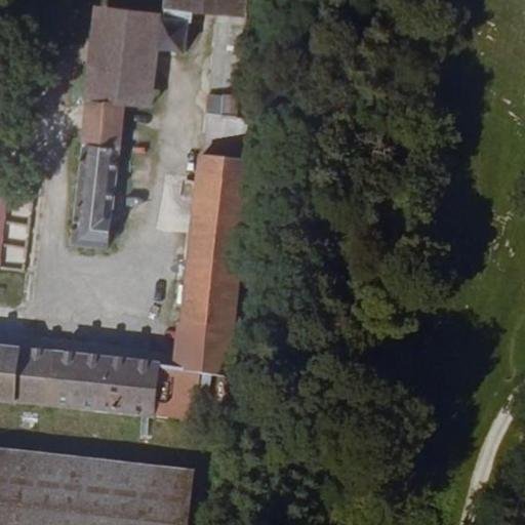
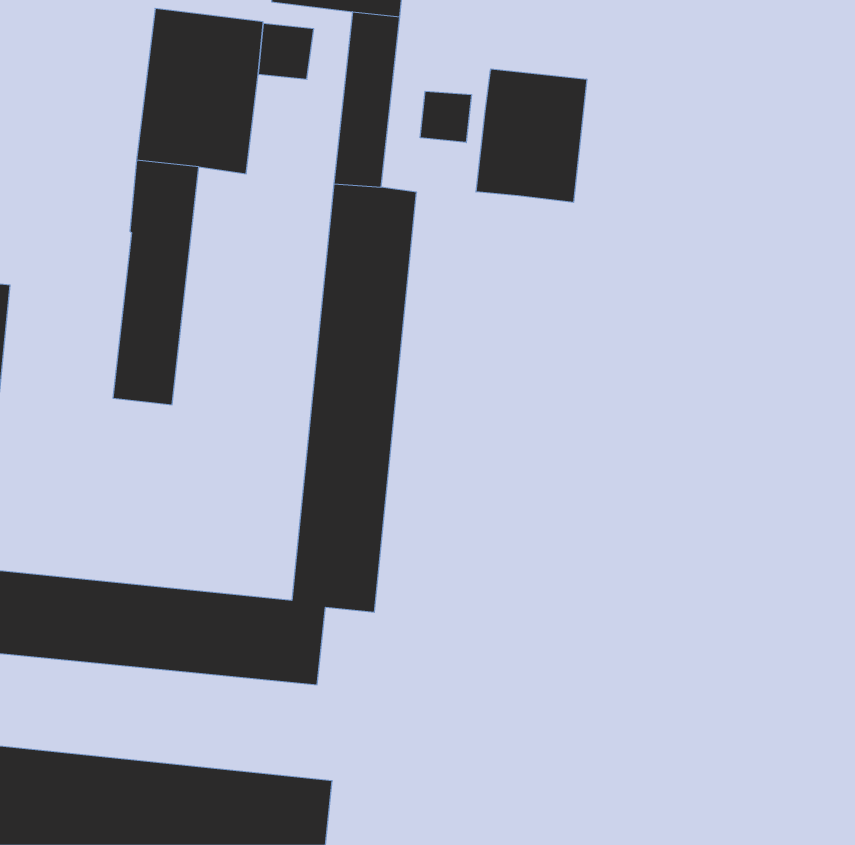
building: none -> [476,69,587,202]
building: none -> [420,91,471,143]

